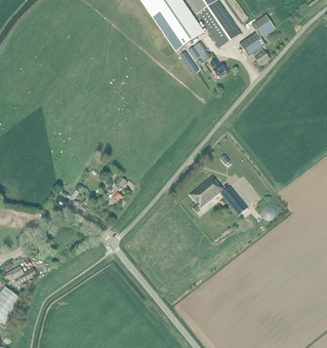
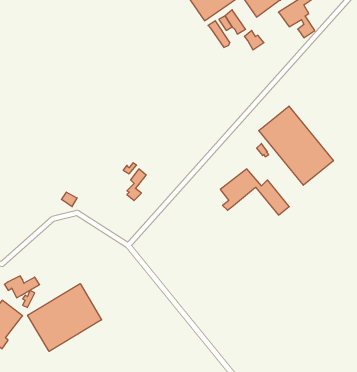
building: none -> [259,106,333,185]
building: none -> [28,284,102,351]

